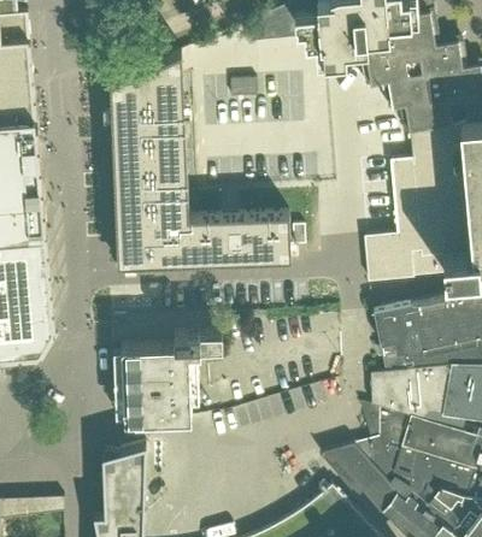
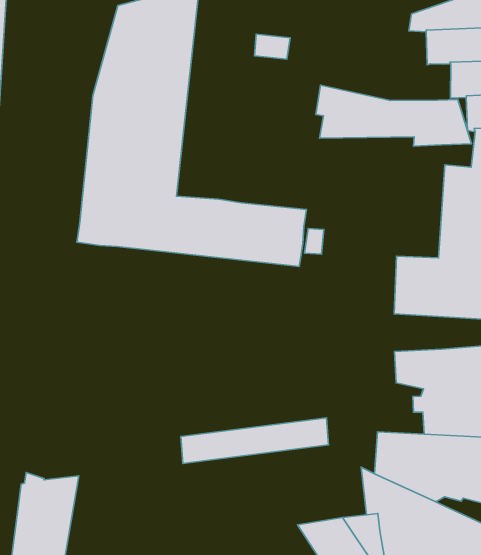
building: none -> [316,85,472,146]
building: [120,336,222,425] -> none

